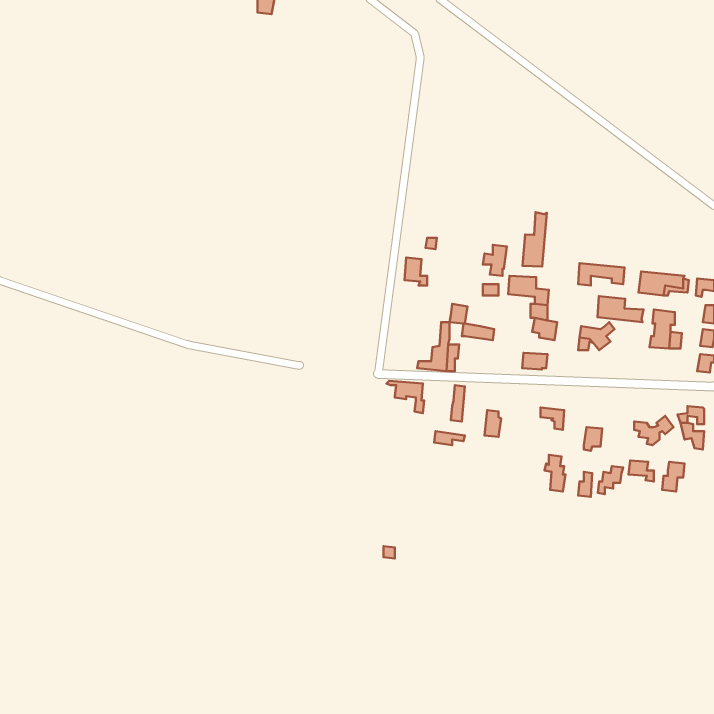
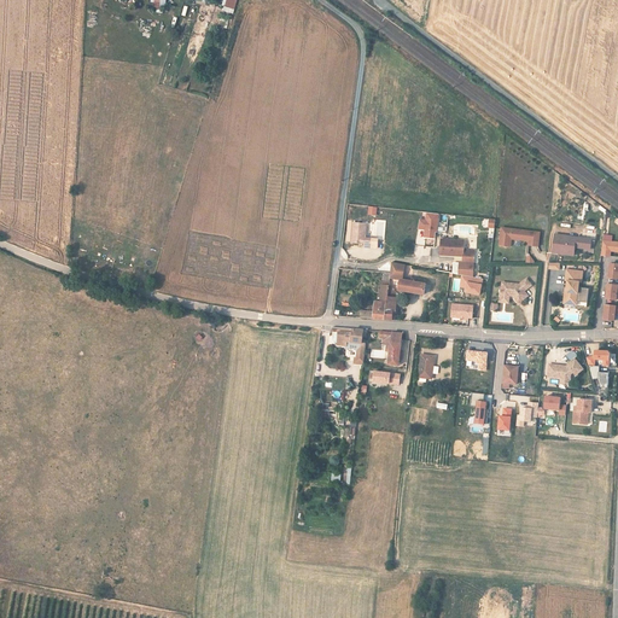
building: [523,212,547,267] -> none
building: [597,296,644,322] -> none

